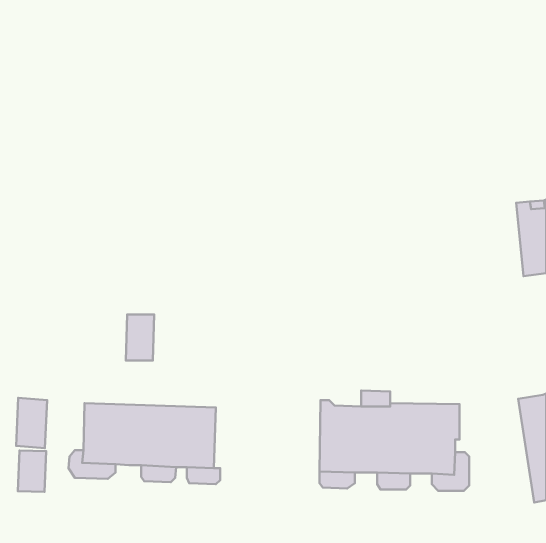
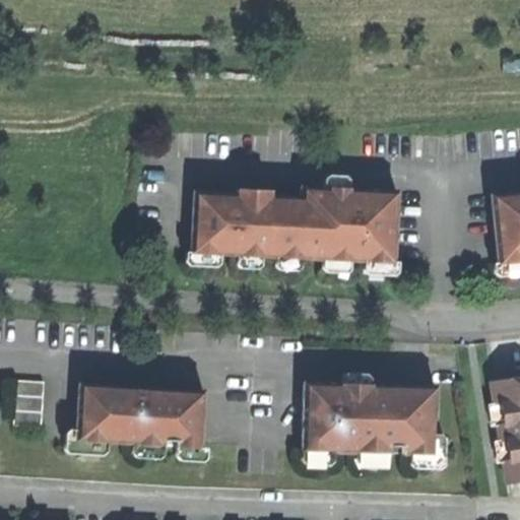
building: none -> [193,187,398,261]
building: [126,314,154,361] -> none
building: [18,451,46,492] -> none

